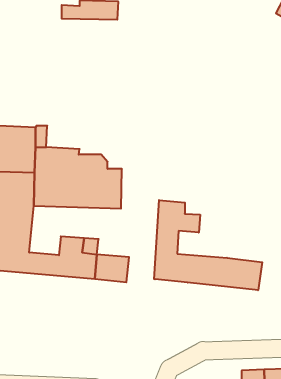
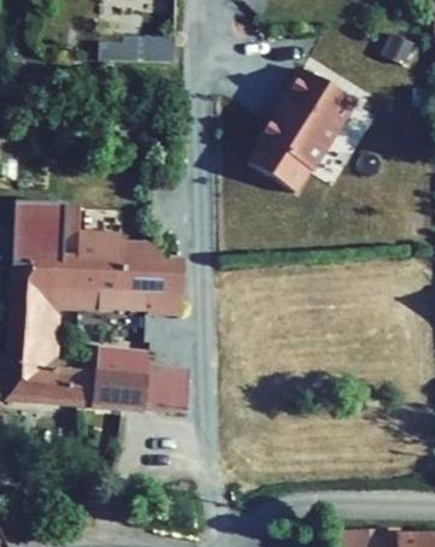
building: none -> [247,67,355,192]
building: [154,200,262,290] -> none

